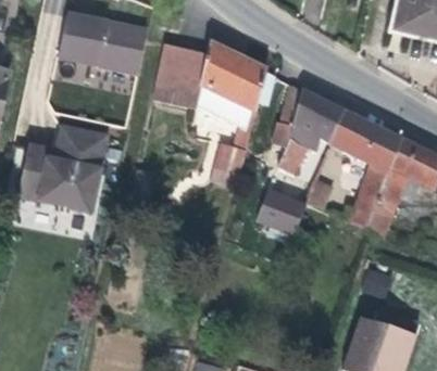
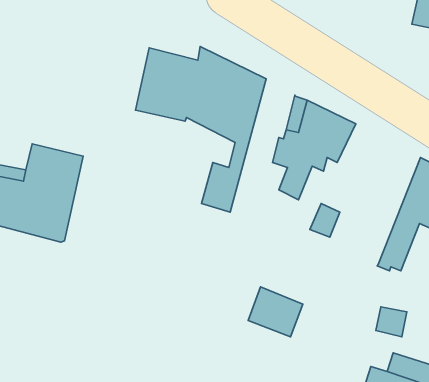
building: [59,13,148,73] -> none
building: [328,108,401,231] -> none
building: [257,190,304,233] -> [248,287,303,337]

